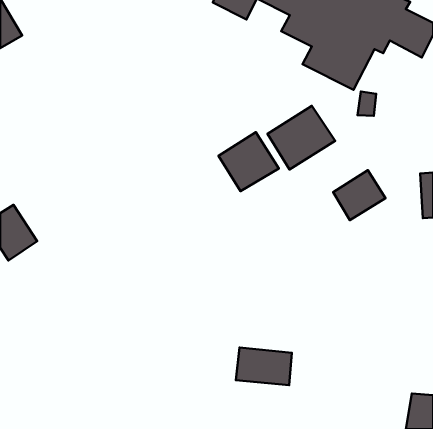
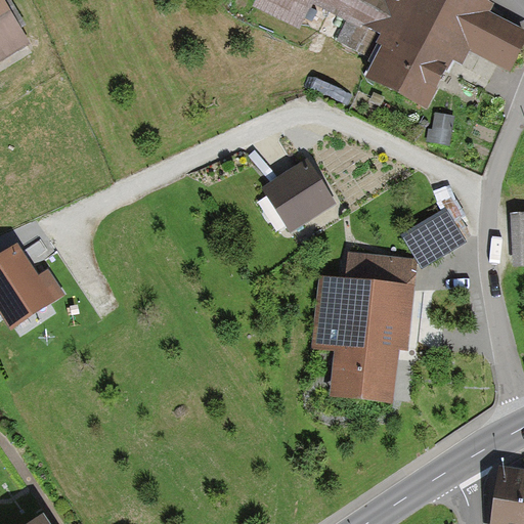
building: [268,106,335,169] -> none
building: none -> [310,252,416,403]
building: [236,348,292,385] -> none

